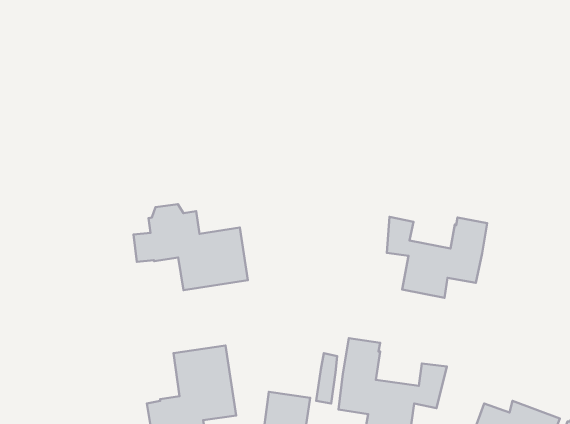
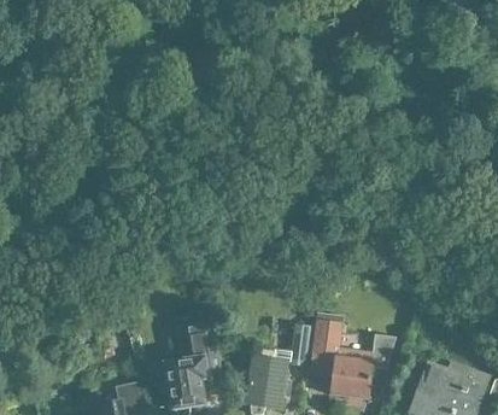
building: [134,204,248,290] -> none
building: [387,217,487,298] -> none

